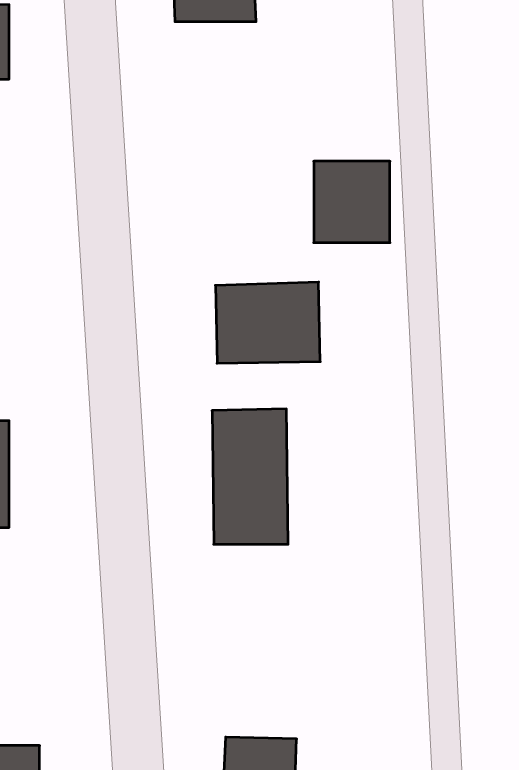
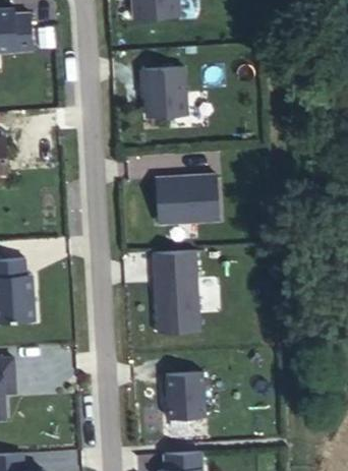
building: [314,161,390,243] -> [141,66,187,115]
building: none -> [165,371,205,417]

